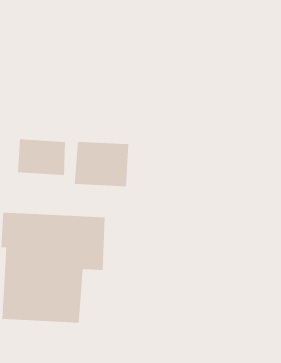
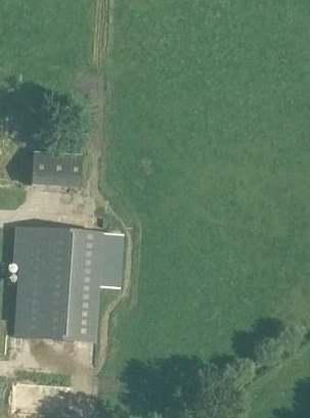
building: [74,141,129,187] -> none

